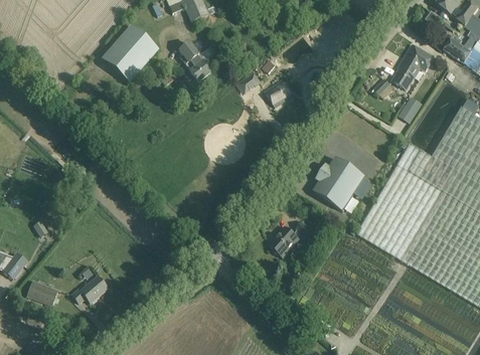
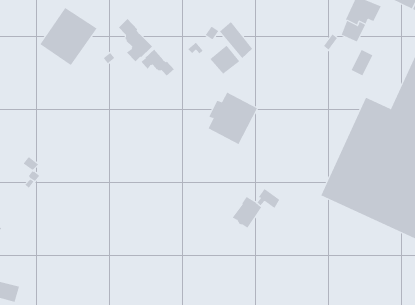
building: none -> [219,21,253,59]
building: none -> [141,49,175,77]
building: [314,157,364,209] -> [208,92,258,145]
building: [71,275,106,302] -> none

